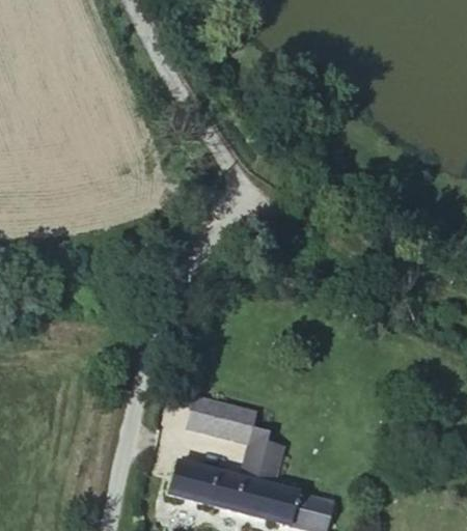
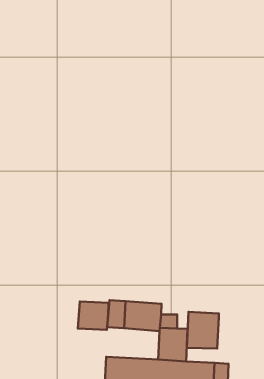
building: none -> [78,301,108,330]
building: none -> [187,312,219,349]

